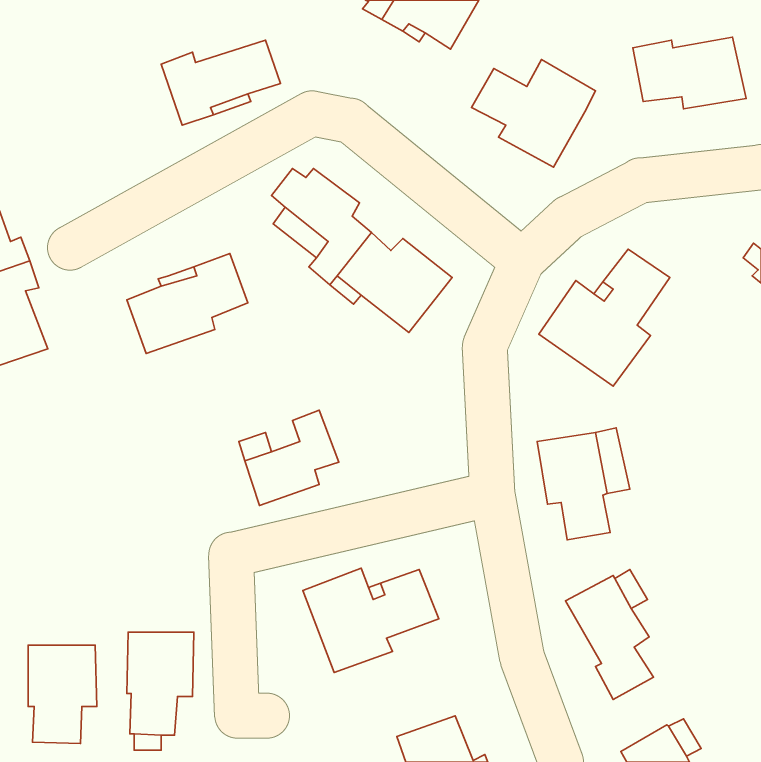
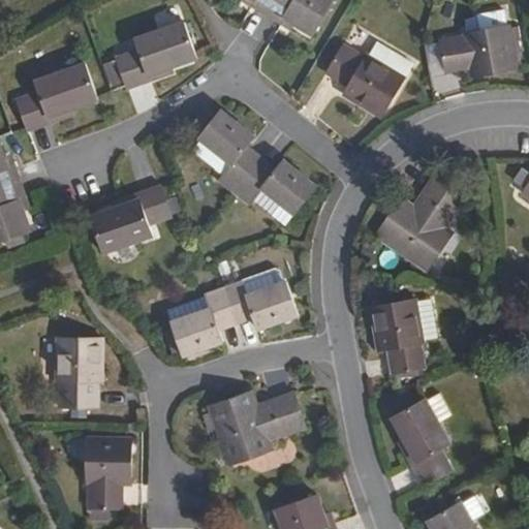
building: none -> [11,71,96,129]
building: none -> [221,278,297,323]
building: [28,645,97,744] -> [55,337,102,405]

